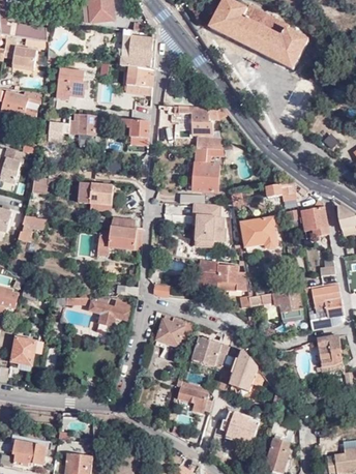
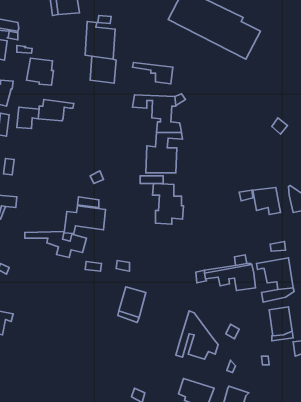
building: [107,117,150,140] -> [132,62,173,84]
building: [265,181,298,201] -> none
building: [79,182,113,211] -> none
building: [242,218,278,249] -> none
building: [199,260,247,292] -> none
building: [65,298,131,326] -> [25,231,86,257]
building: [191,334,232,369] -> none
building: [176,379,213,413] -> none

